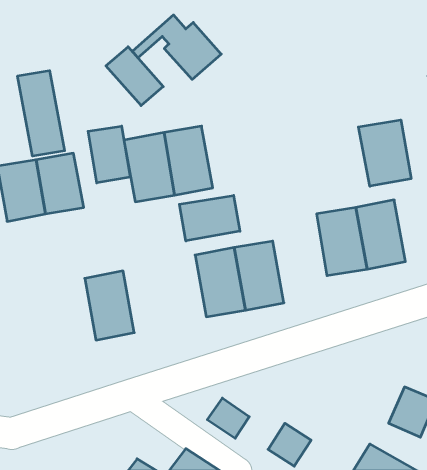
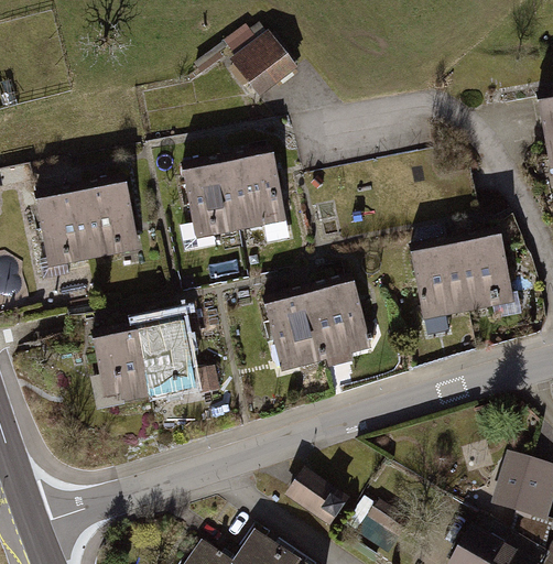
building: [106,47,163,106] -> none
building: [18,71,65,156] -> none
building: [358,120,411,186] -> none
building: [88,126,130,183] -> none
building: [179,195,240,241] -> none
building: none -> [90,328,150,409]

